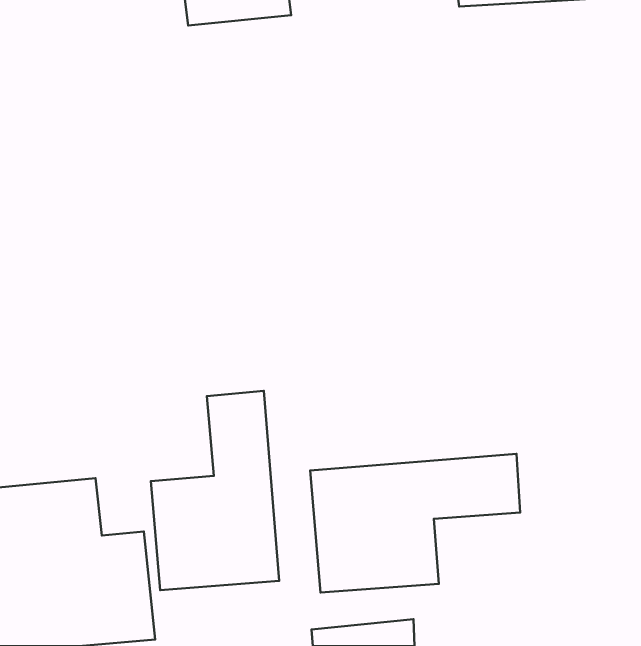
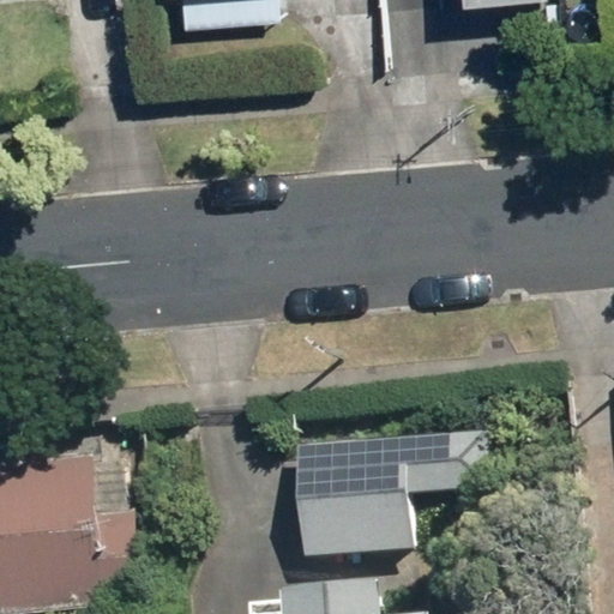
building: [151,391,279,590] -> none

